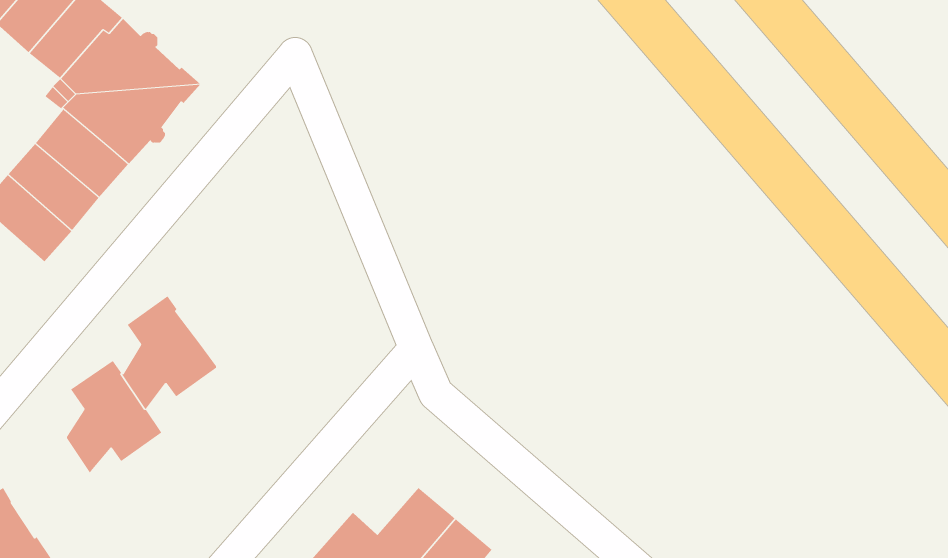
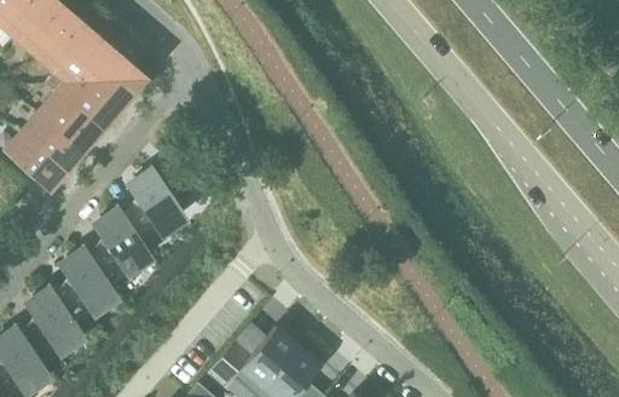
building: none -> [125,166,185,249]
building: none -> [23,284,82,356]

